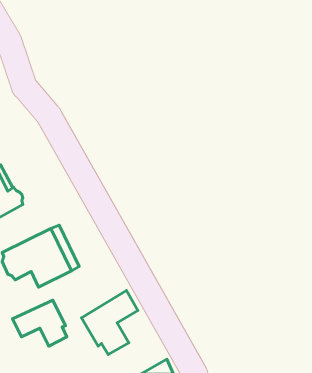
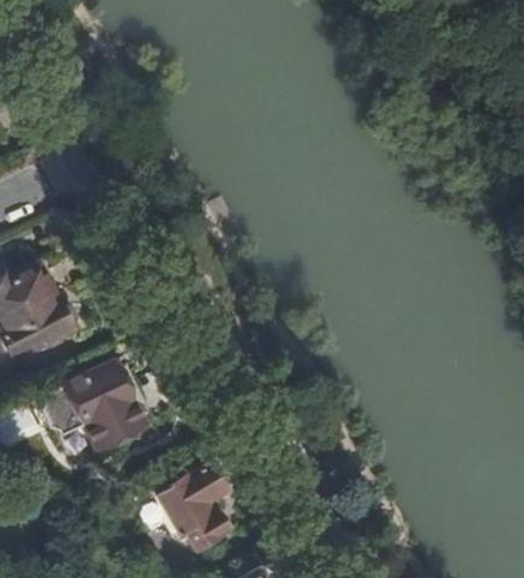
building: [13,300,67,346] -> none

